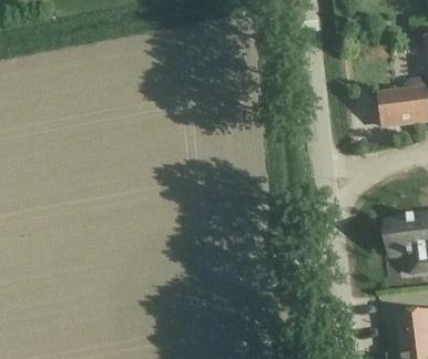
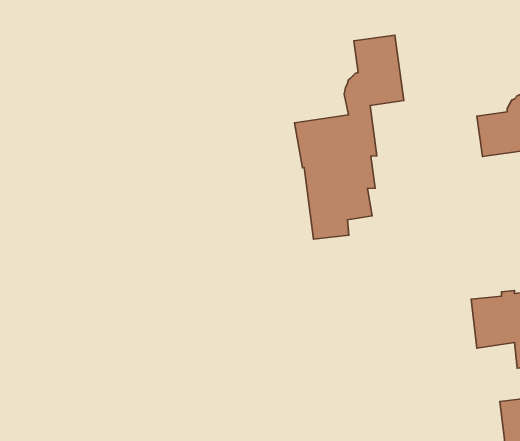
building: none -> [295,35,404,239]

